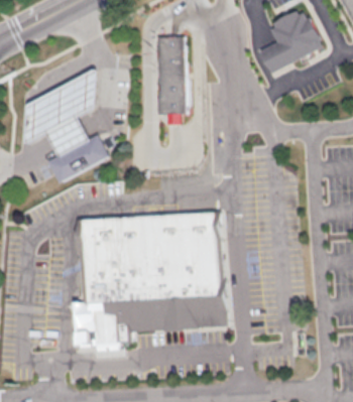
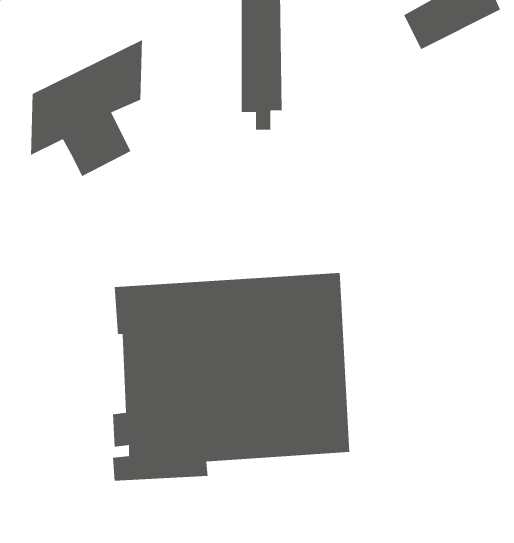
building: [47,132,108,177] -> none

